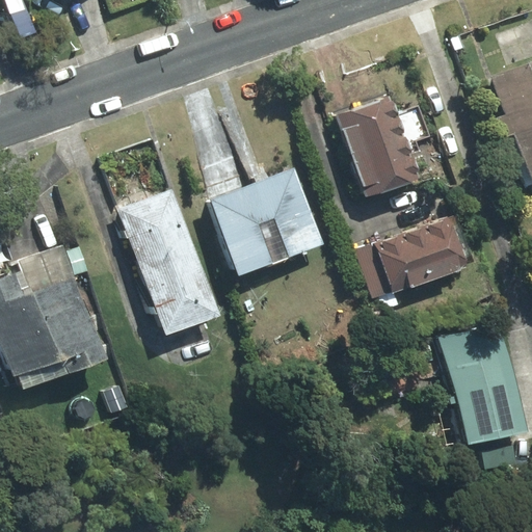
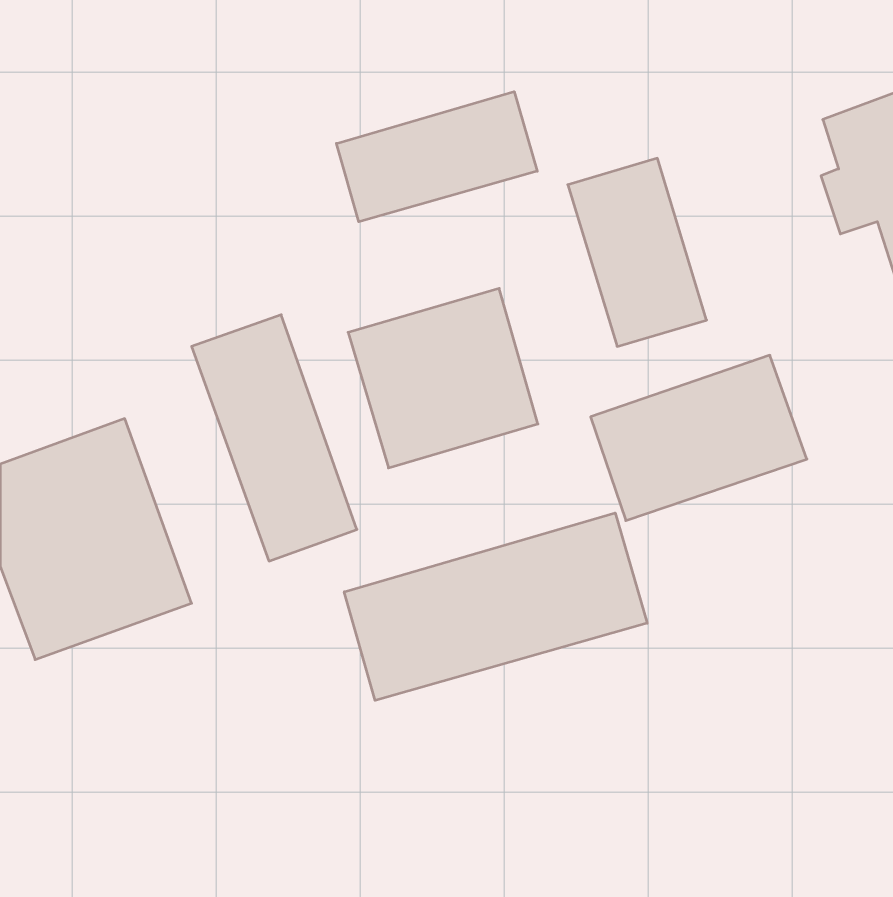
building: none -> [336,92,537,222]
building: none -> [344,513,647,700]
building: [436,318,526,446] -> none

